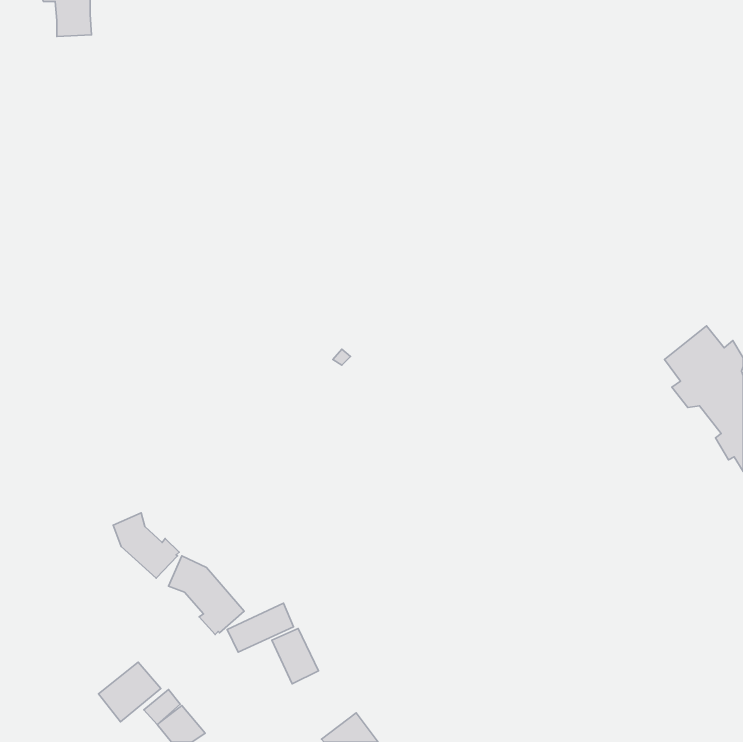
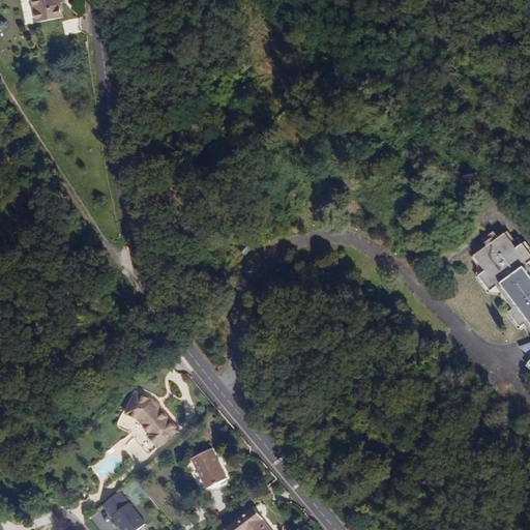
building: [113,513,179,578] -> none
building: [227,603,293,652] -> none
building: [99,662,161,722] -> none

